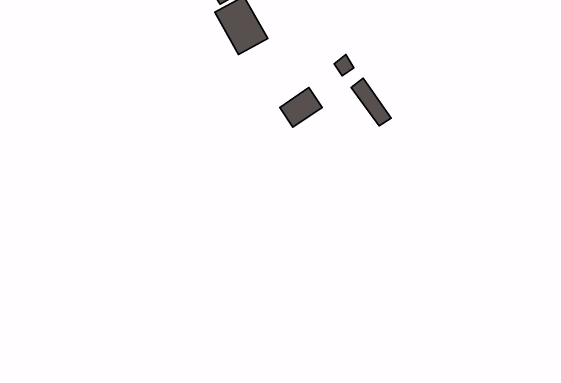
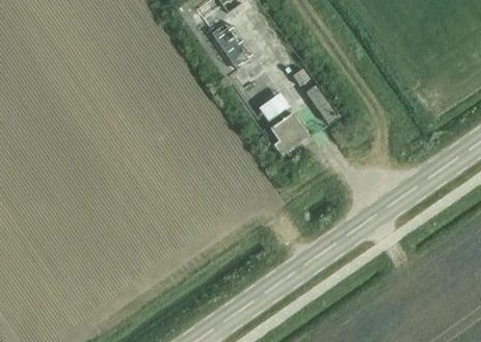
building: none -> [274,113,313,156]

